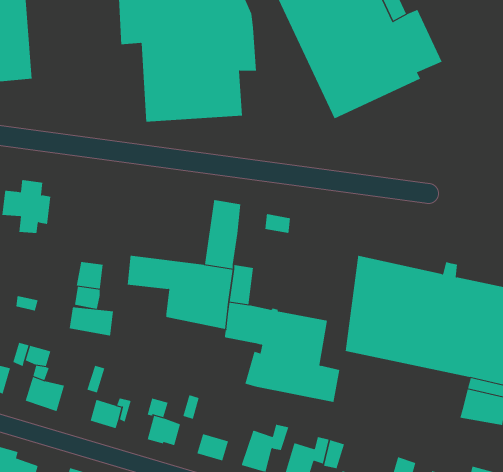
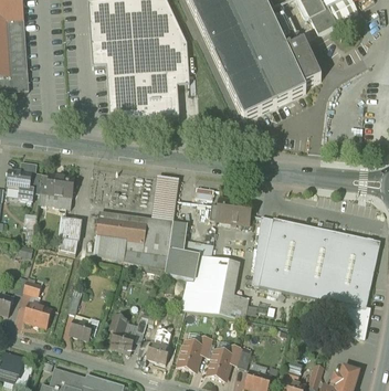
building: none -> [40,172,74,208]
building: none -> [215,197,252,223]
building: [69,307,114,336] -> [94,236,126,257]

